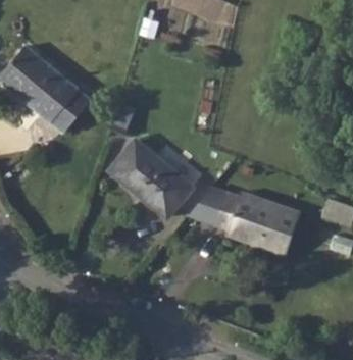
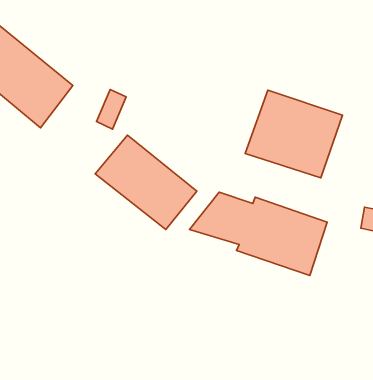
building: none -> [245,90,343,178]

